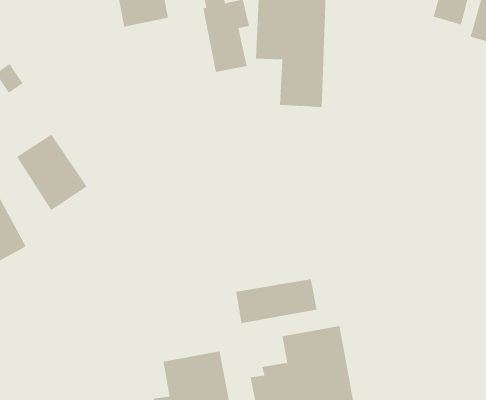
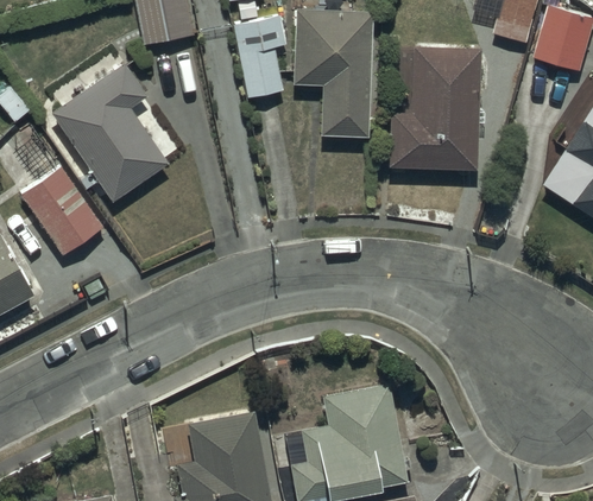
building: none -> [390,45,479,170]
building: none -> [51,63,168,202]
building: [236,279,317,324] -> none

